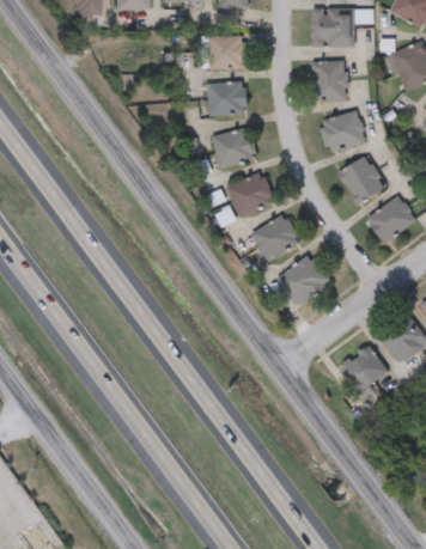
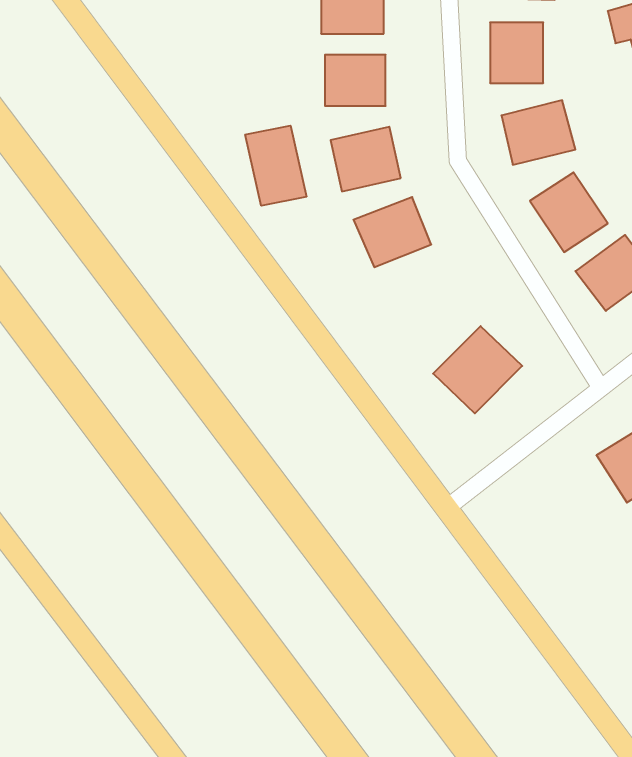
building: none -> [245,126,306,206]
building: [251,213,302,260] -> none
building: [339,344,389,394] -> none

